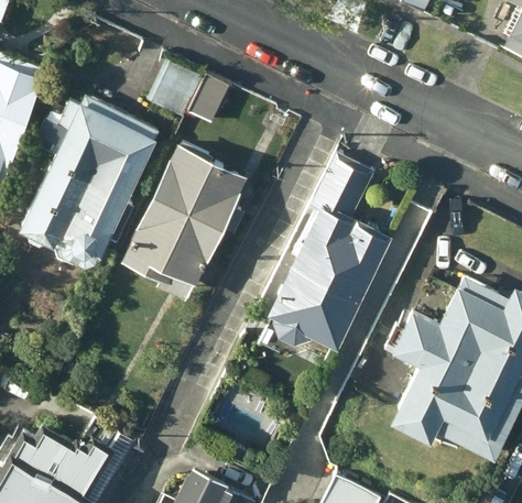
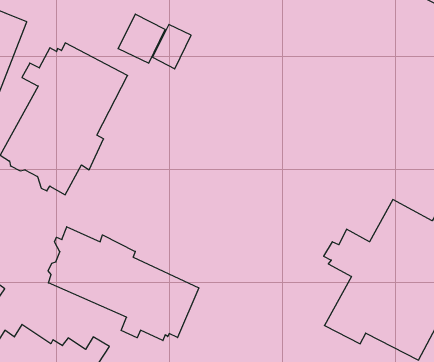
building: [119,143,247,297] -> none
building: [259,154,393,363] -> none
building: none -> [48,227,199,341]

